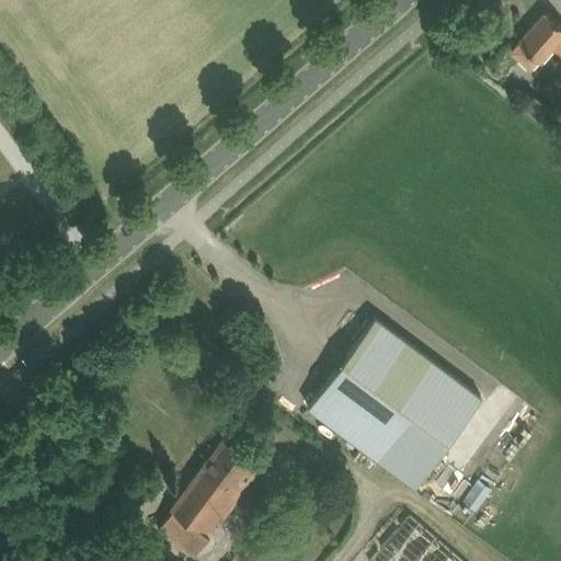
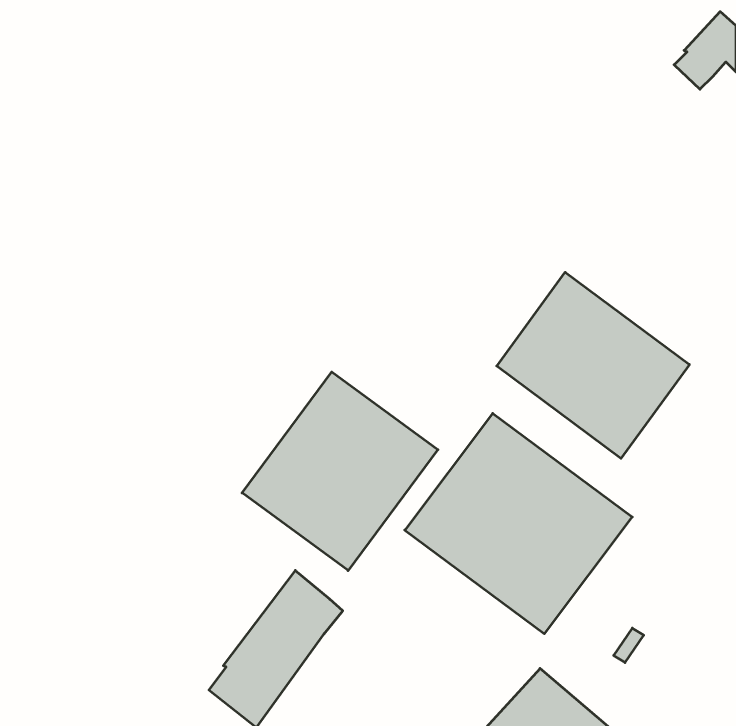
building: none -> [497,272,689,458]
building: none -> [242,372,438,571]

